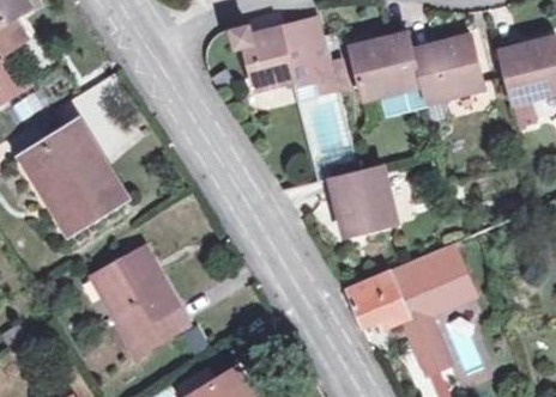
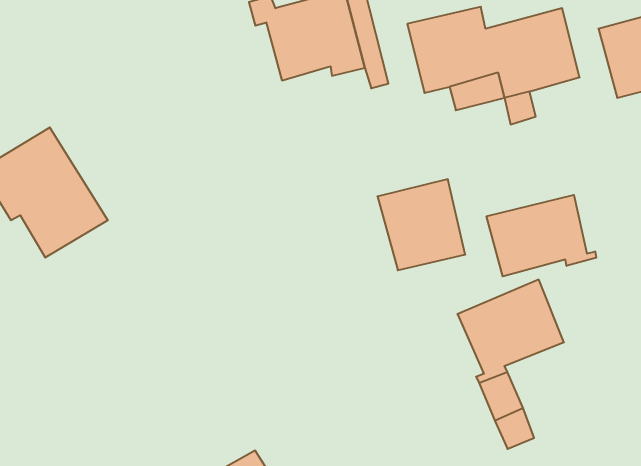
building: none -> [487,195,596,276]
building: [95,250,185,352] -> none
building: [345,268,410,324] -> none

